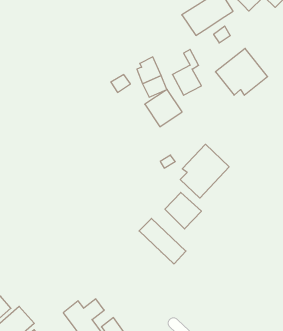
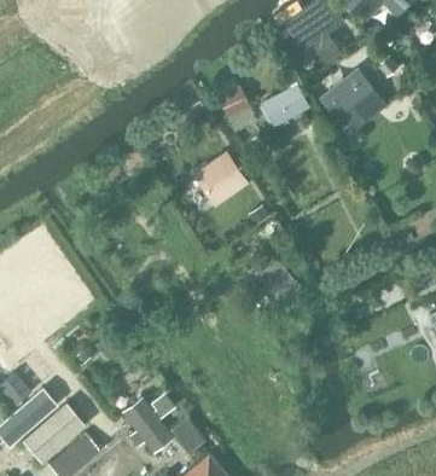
building: [145,89,182,127] -> [196,156,244,204]
building: [180,144,229,198] -> none
building: [139,218,186,264] -> none

